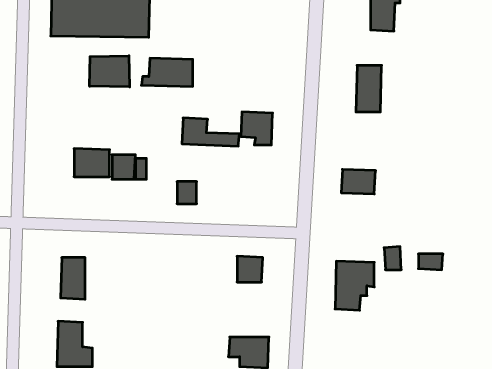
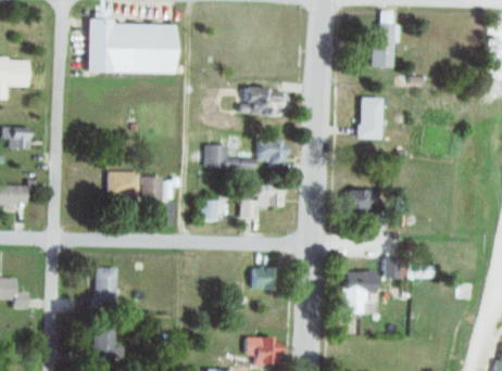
building: [90,56,130,87] -> none
building: [141,58,193,86] -> [239,88,285,113]
building: none -> [241,187,278,218]

